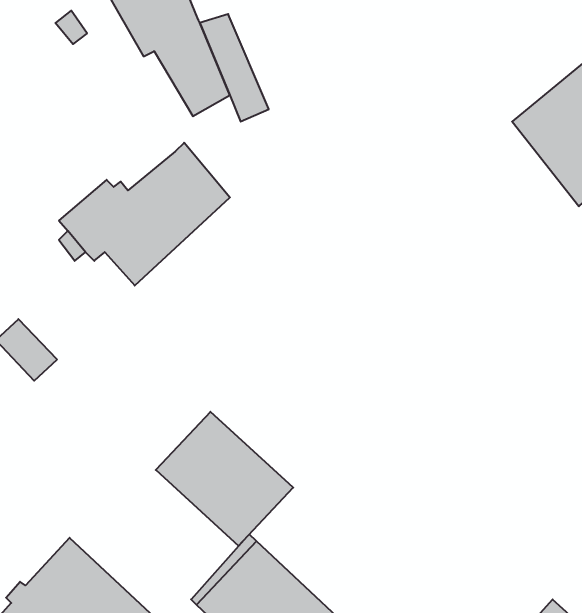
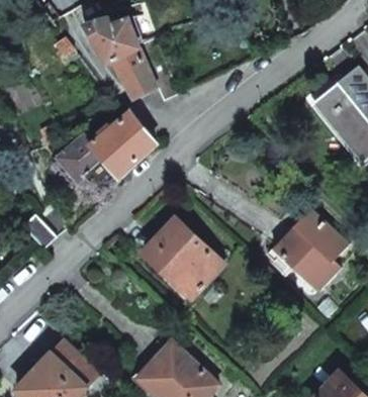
building: none -> [272,207,349,291]
building: [156,412,293,546] -> [144,219,222,296]

